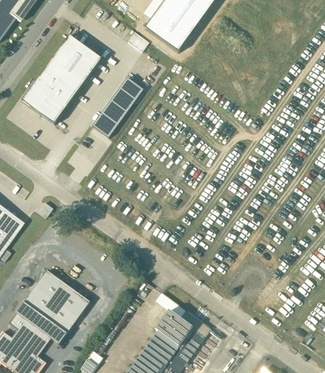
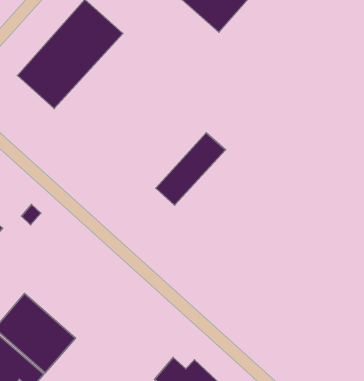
building: [91,75,143,135] -> [156,133,226,205]

